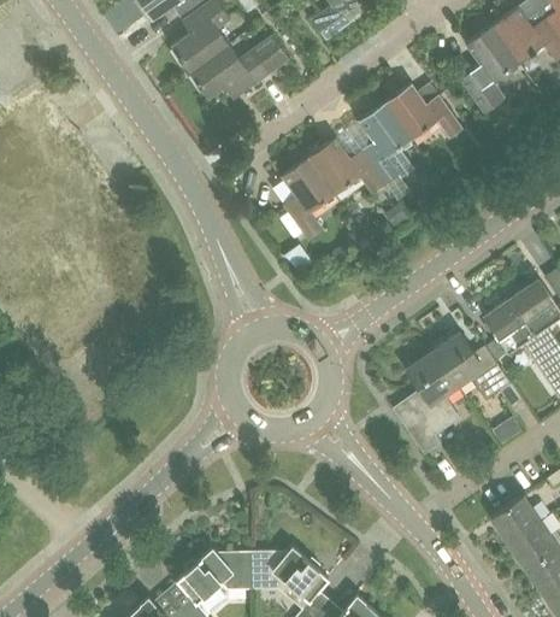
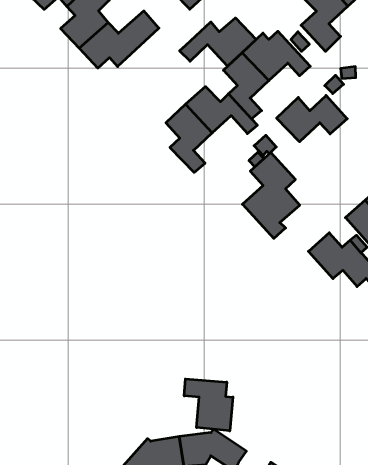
building: none -> [180,18,256,66]
building: none -> [277,95,347,142]
building: [391,351,460,454] -> [242,152,300,238]
building: none -> [184,379,233,431]

